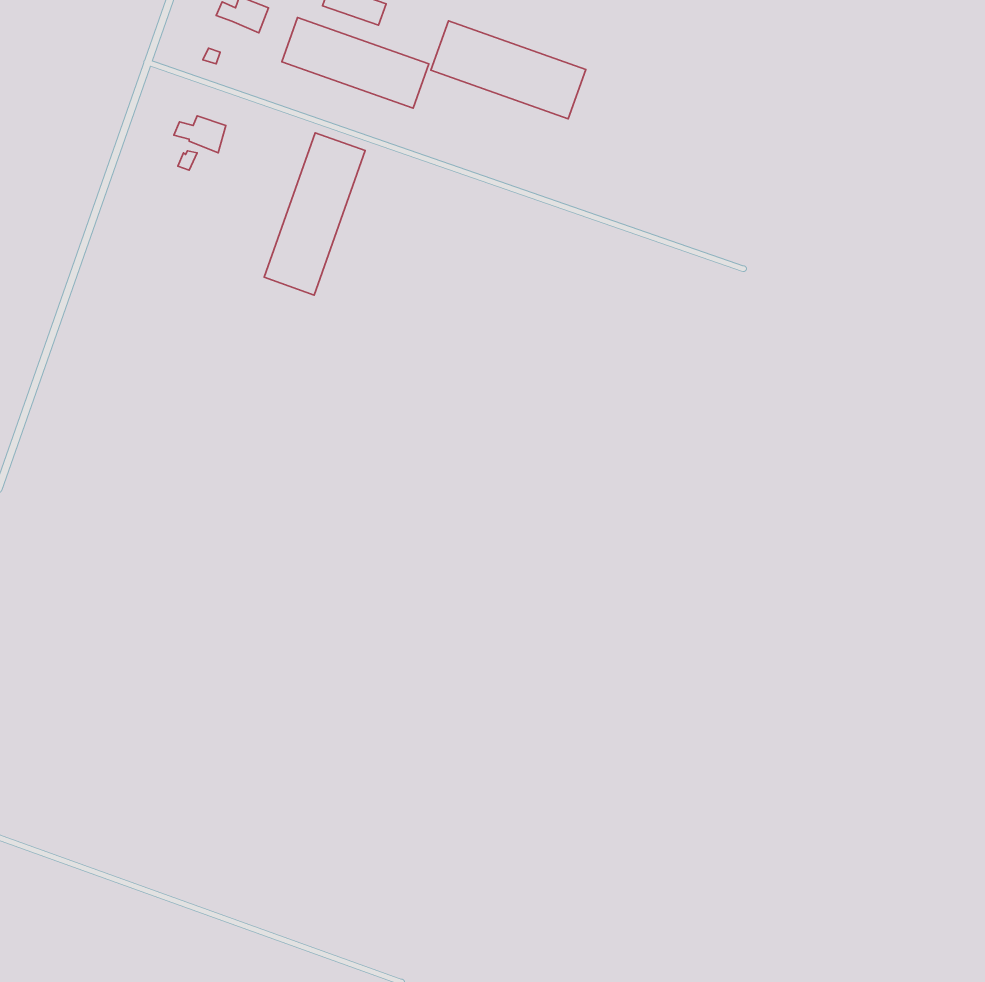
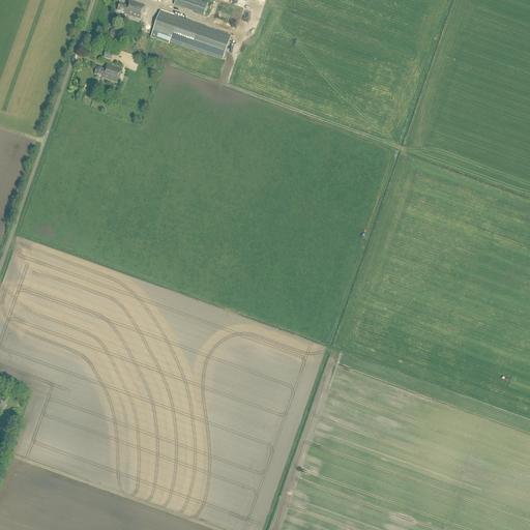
building: [431,21,586,119] -> none
building: [264,133,365,295] -> none

